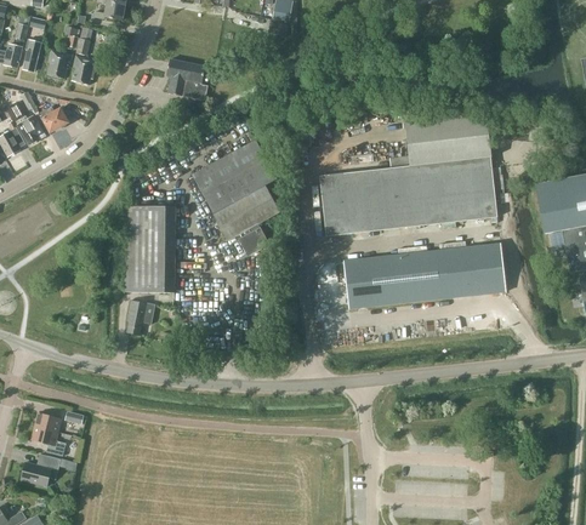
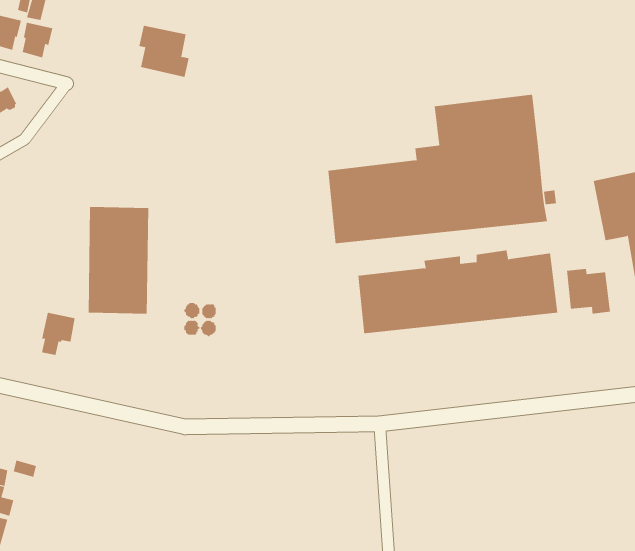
building: [192,139,279,256] -> none
building: none -> [567,268,611,314]
building: [126,299,154,335] -> [41,312,76,356]

